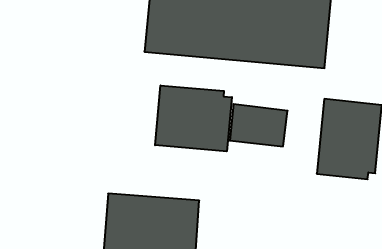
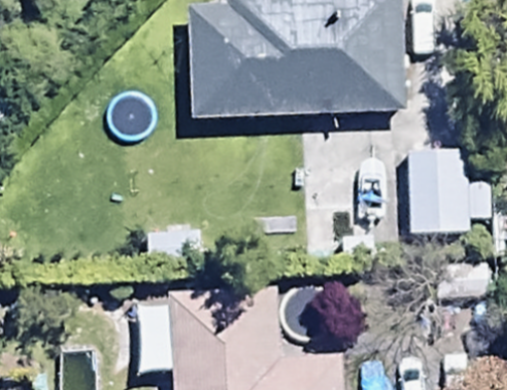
building: [155,85,232,151] -> none

